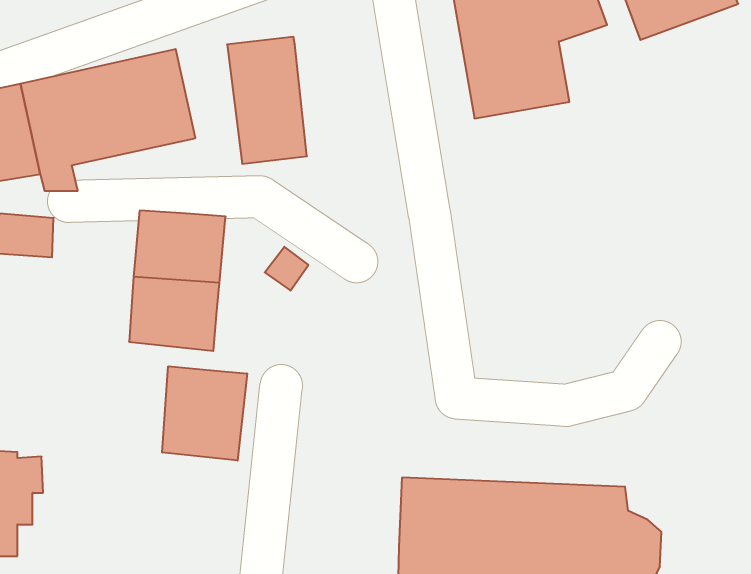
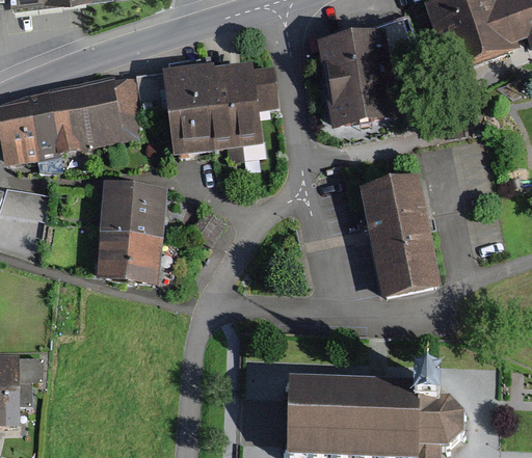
building: none -> [211,65,277,149]
building: none -> [361,172,438,293]
building: [162,366,247,461] -> none

